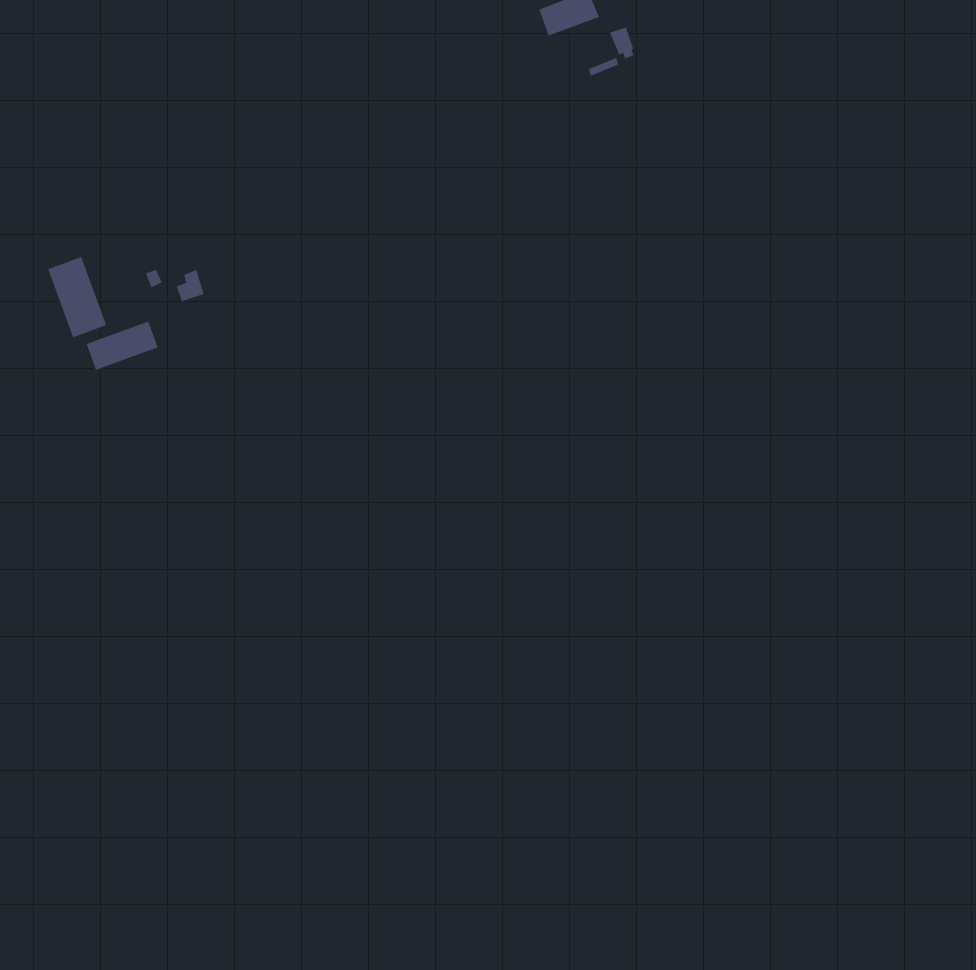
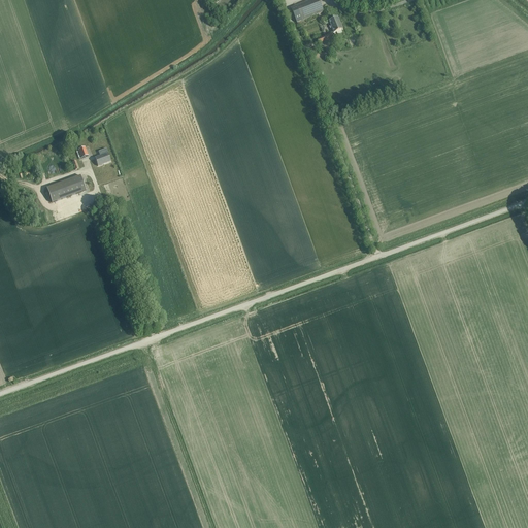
building: [48,256,107,338] -> none

